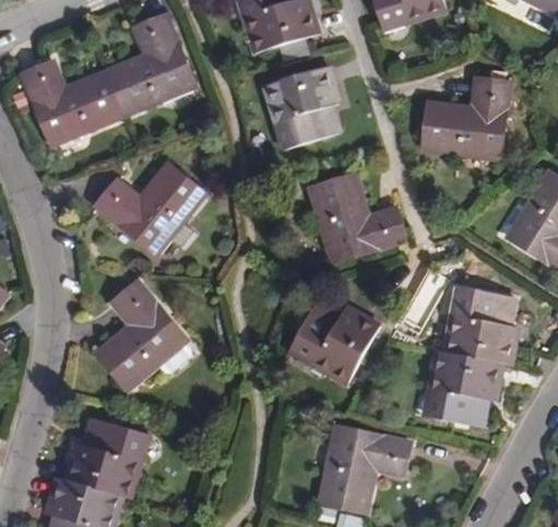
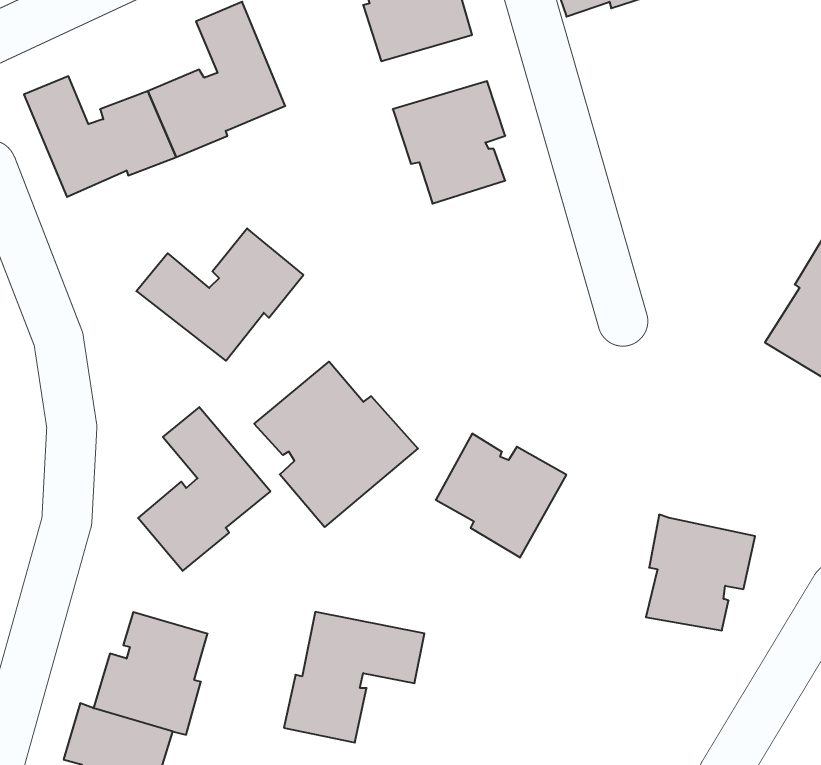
building: [422,79,506,155] -> none
building: [308,172,403,261] -> none
building: none -> [254,362,418,527]
building: [447,290,520,368] -> none
building: [319,427,412,513] -> [284,612,424,743]

